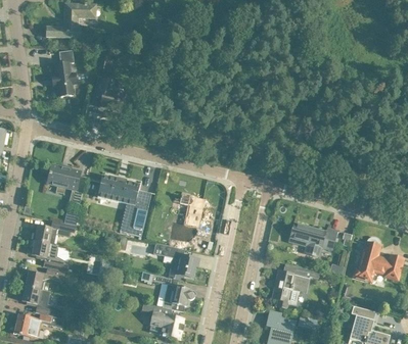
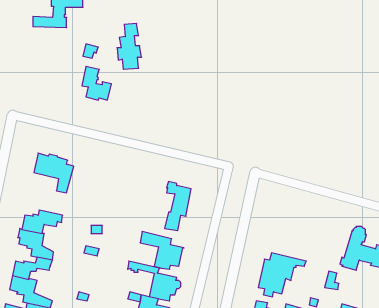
building: [51,50,76,96] -> [117,23,142,69]
building: [96,175,150,236] -> none
building: [288,222,336,256] -> none

